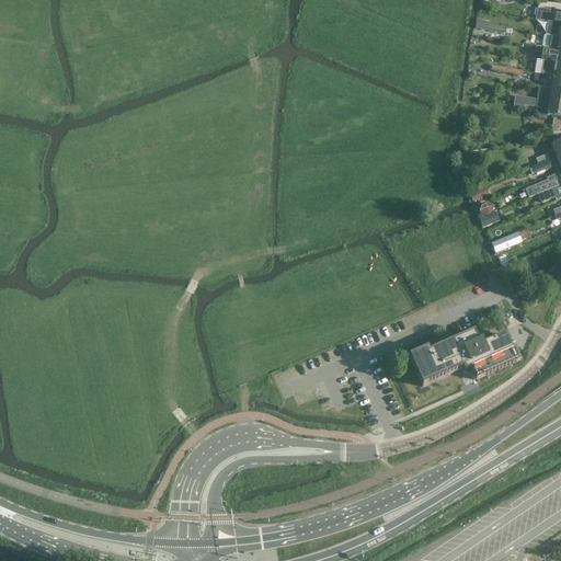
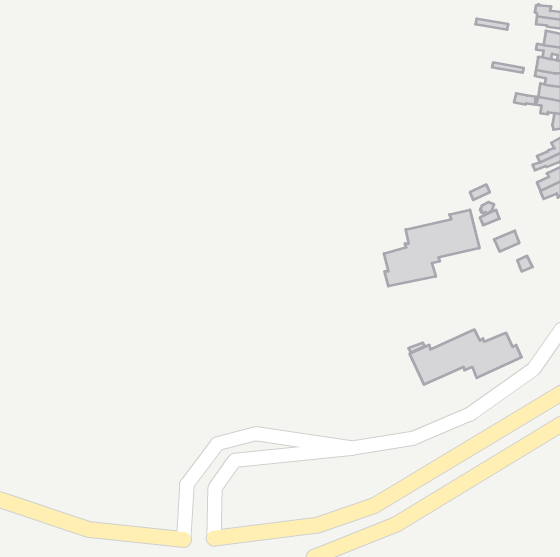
building: none -> [384,210,479,286]

